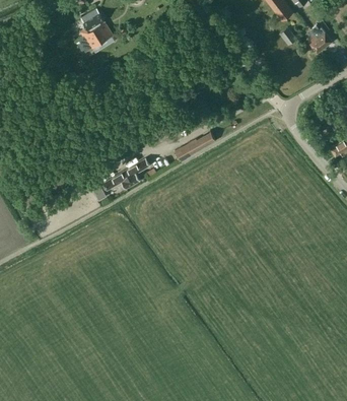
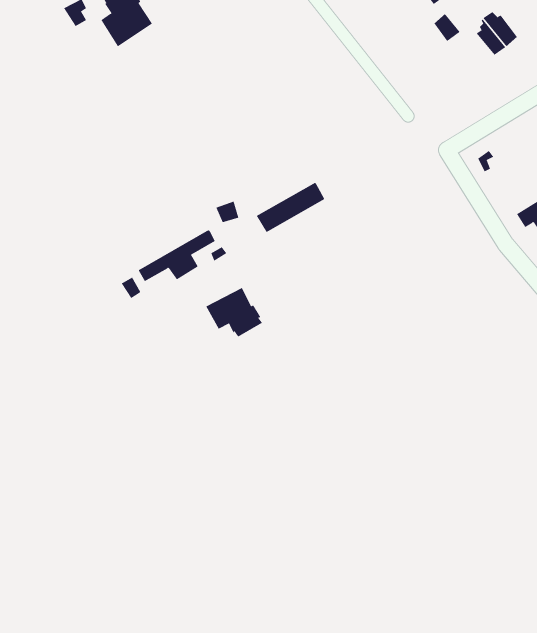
building: none -> [206,287,263,337]

